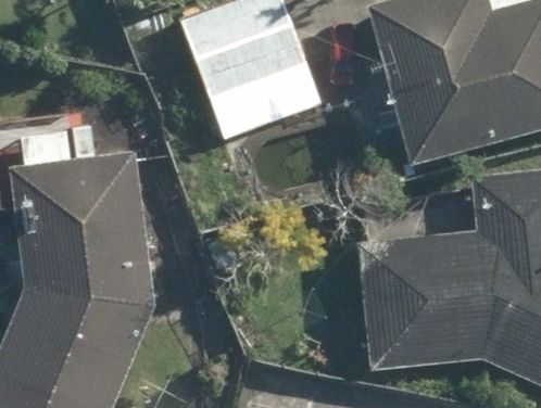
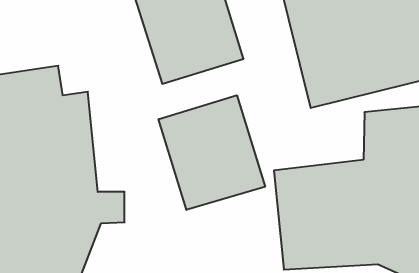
building: none -> [159,95,265,210]

